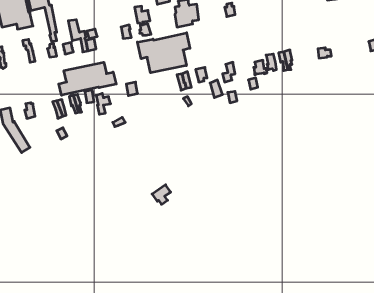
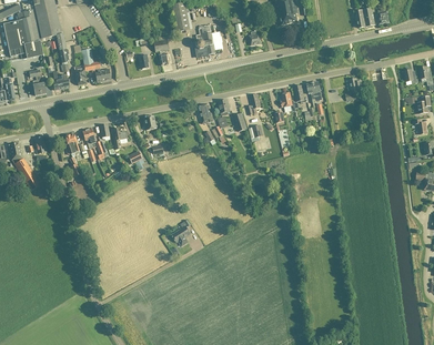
building: [137,33,190,73] -> none
building: [59,62,116,95] -> none

